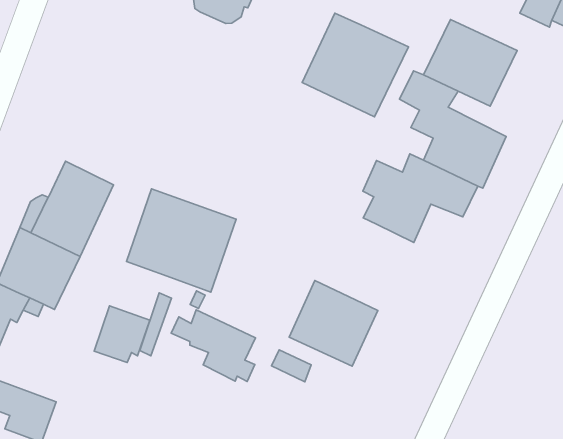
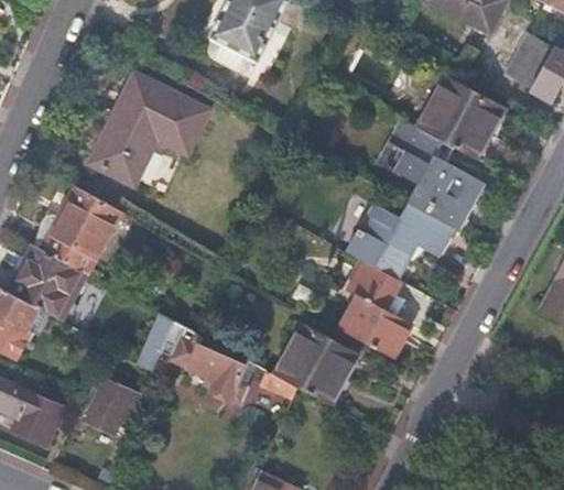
building: [302,13,408,117] -> none
building: none -> [93,73,212,185]
building: [126,189,236,292] -> none
building: none -> [339,261,409,357]
building: [94,306,150,362] -> [85,379,138,432]

